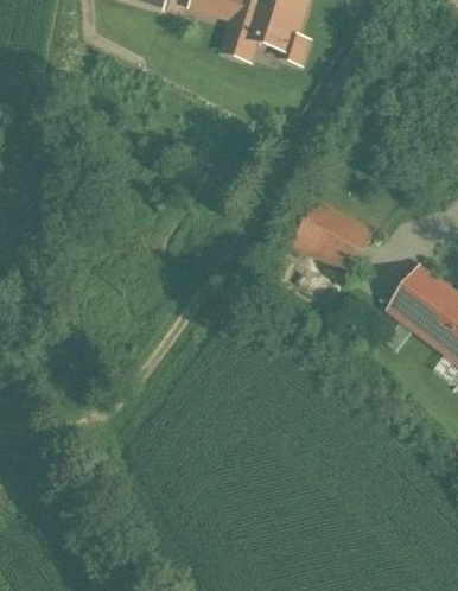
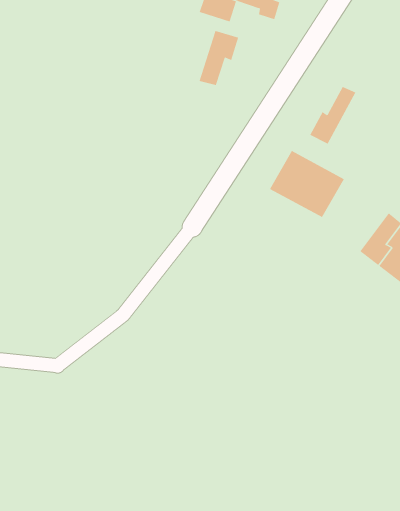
building: none -> [199,30,239,86]
building: none -> [310,86,356,144]

